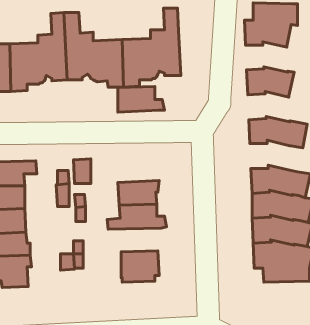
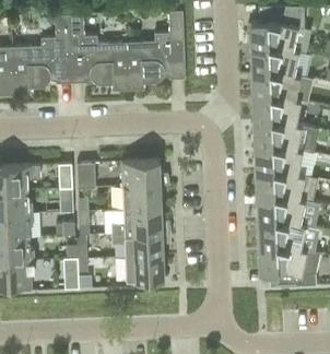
building: none -> [250,45,298,75]
building: [118,86,164,112] -> [121,161,168,187]
building: none -> [252,95,300,126]
building: none -> [255,144,302,175]
building: none -> [111,232,170,257]

